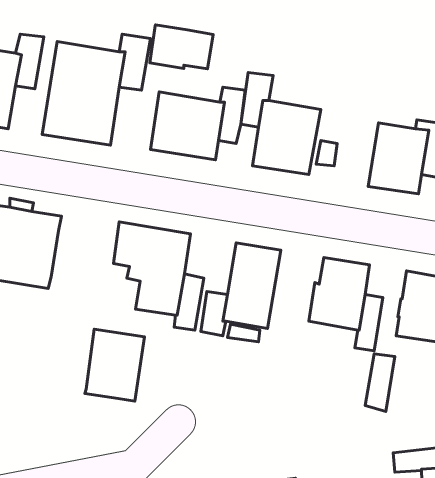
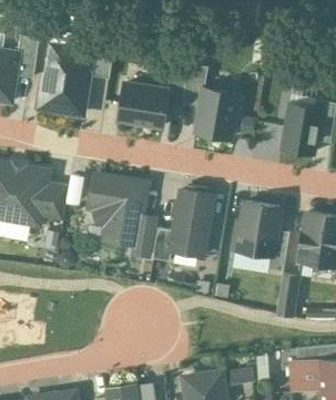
building: [150,25,213,69] -> none
building: none -> [42,183,70,222]
building: [85,329,144,401] -> none

